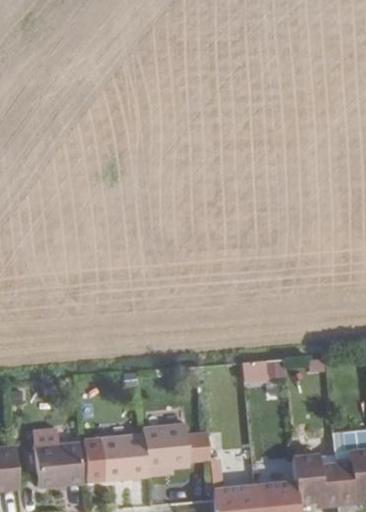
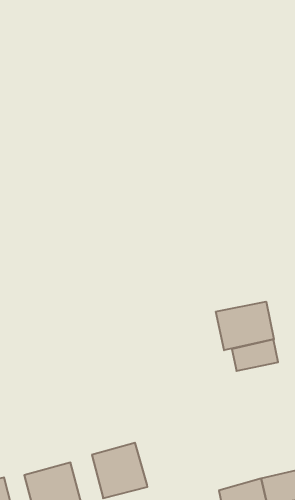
building: none -> [216,302,274,350]
building: [142,424,210,474] -> none

